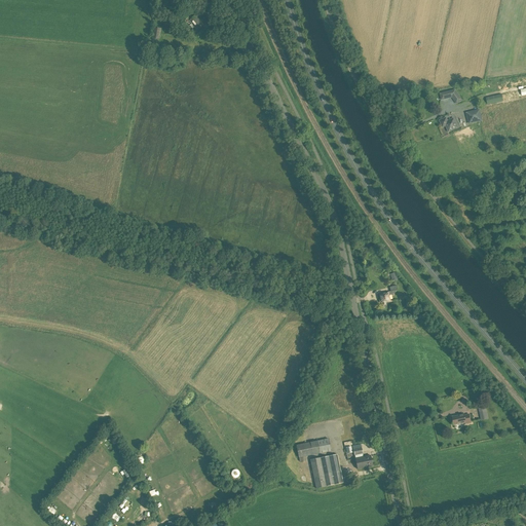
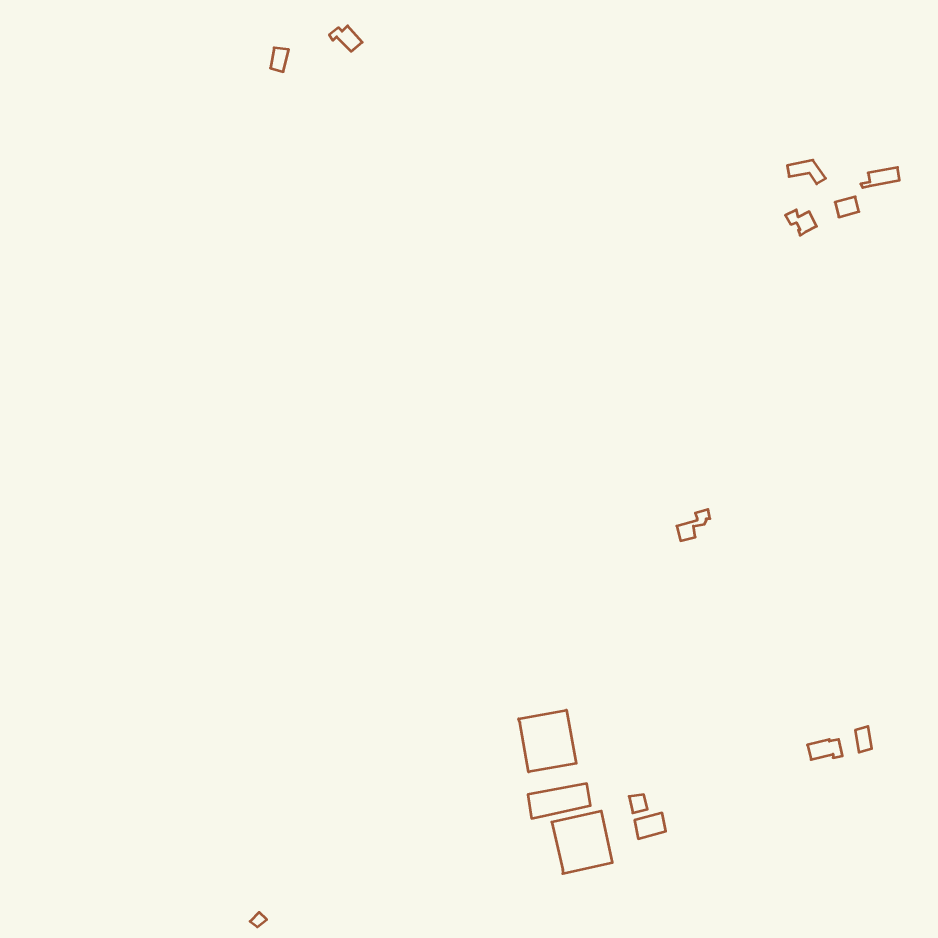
building: none -> [519,710,576,772]

